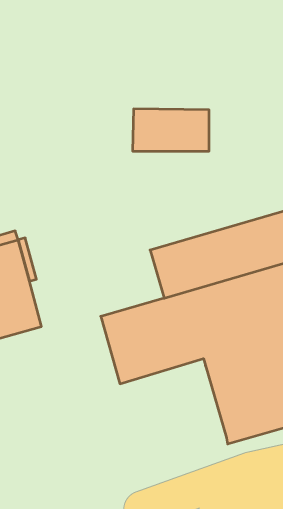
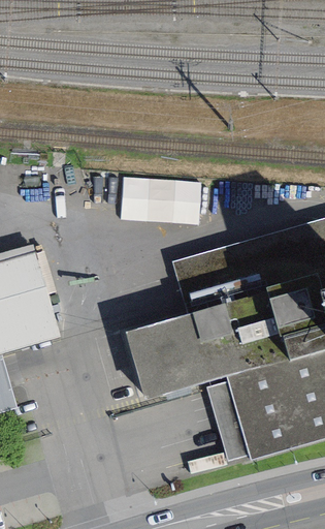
building: [133,109,209,151] -> [124,179,202,222]
building: none -> [206,380,250,461]

